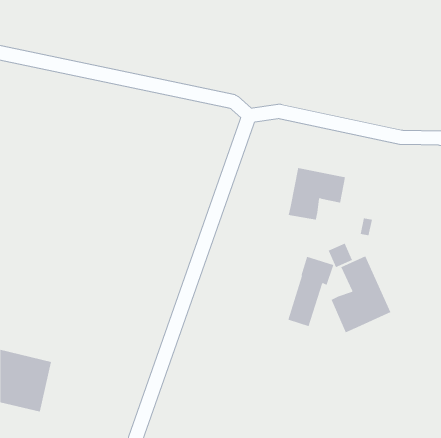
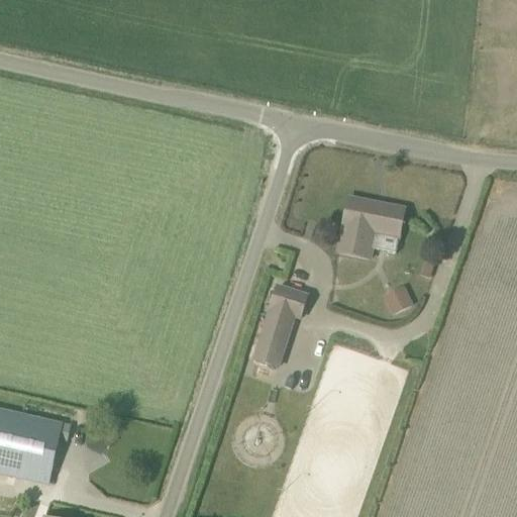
building: [331,256,391,333] -> none
building: [287,256,334,327] -> [253,285,308,368]

